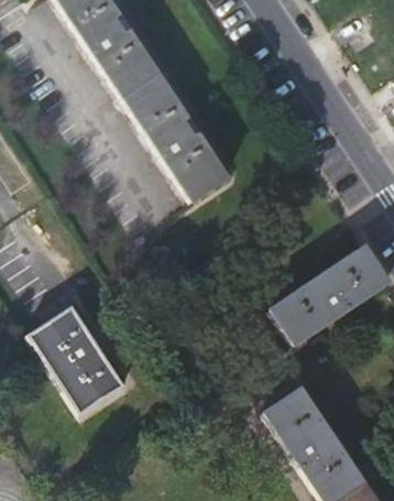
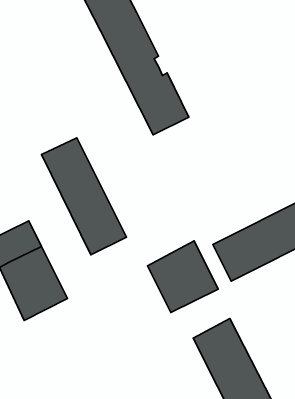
building: none -> [41,138,126,255]
building: none -> [148,241,218,313]

